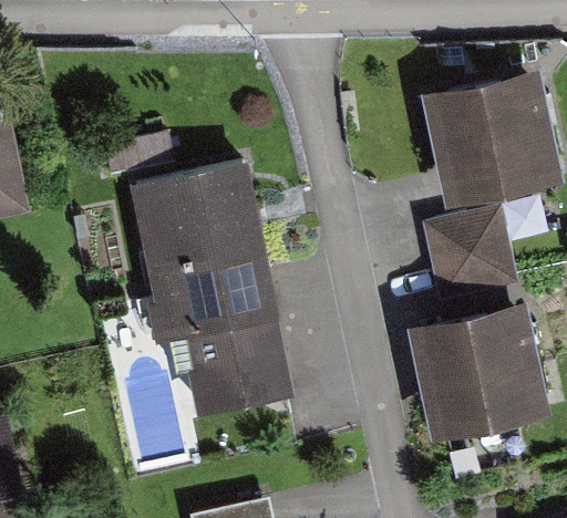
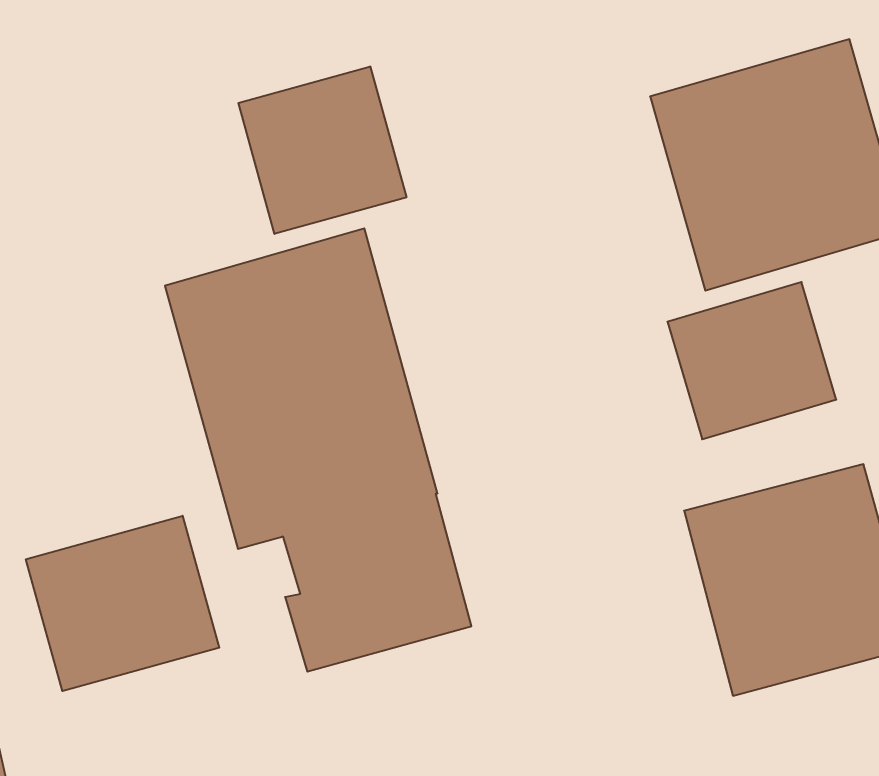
building: none -> [238,66,406,234]
building: none -> [26,516,219,691]

